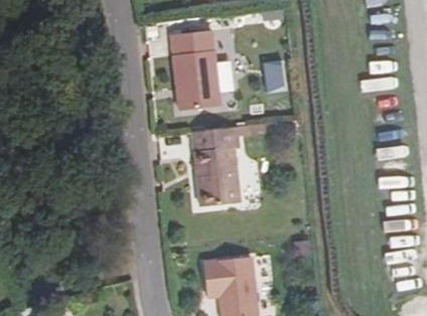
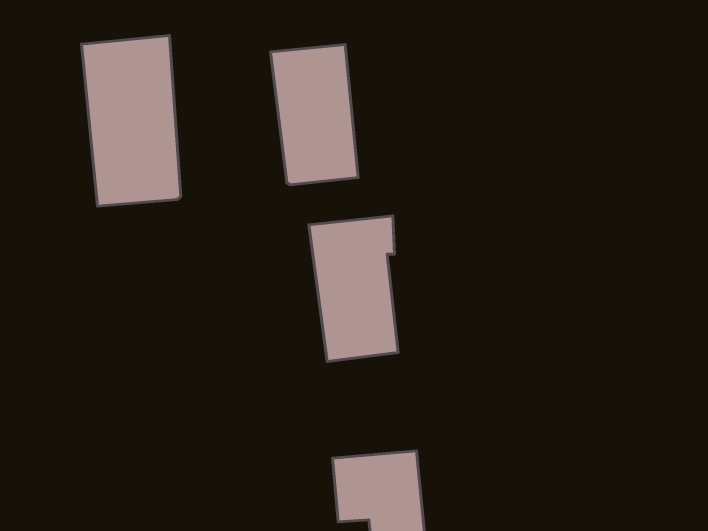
building: none -> [82,35,181,206]

